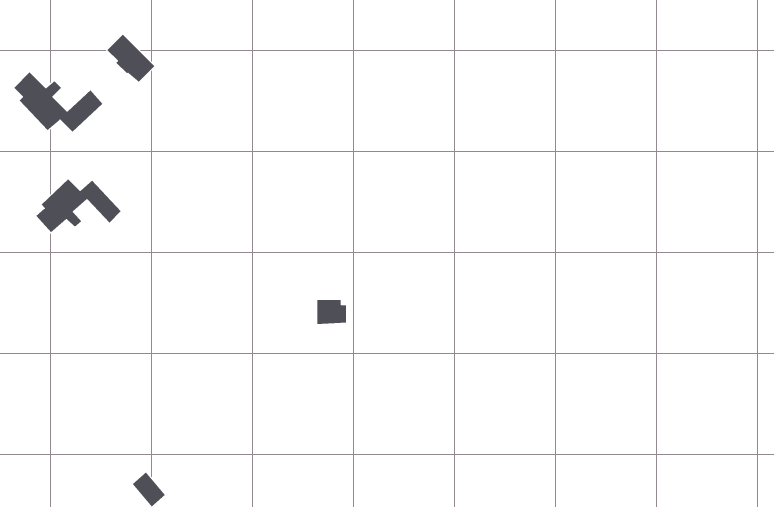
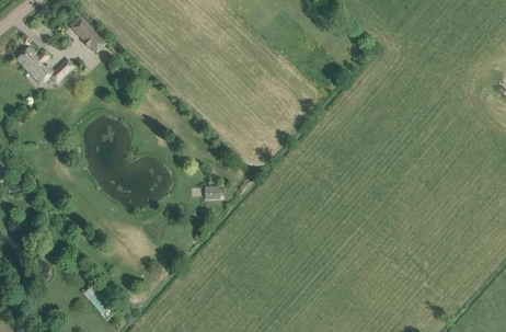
building: [36,179,122,233] -> none

